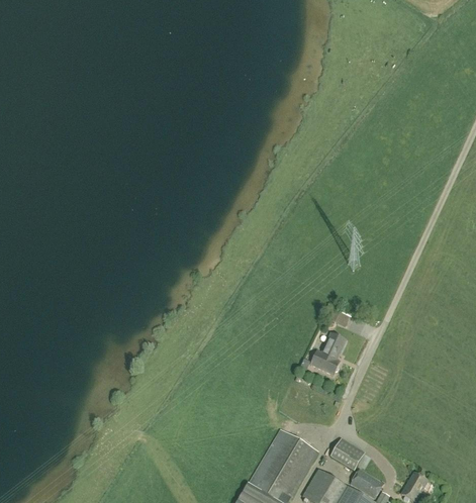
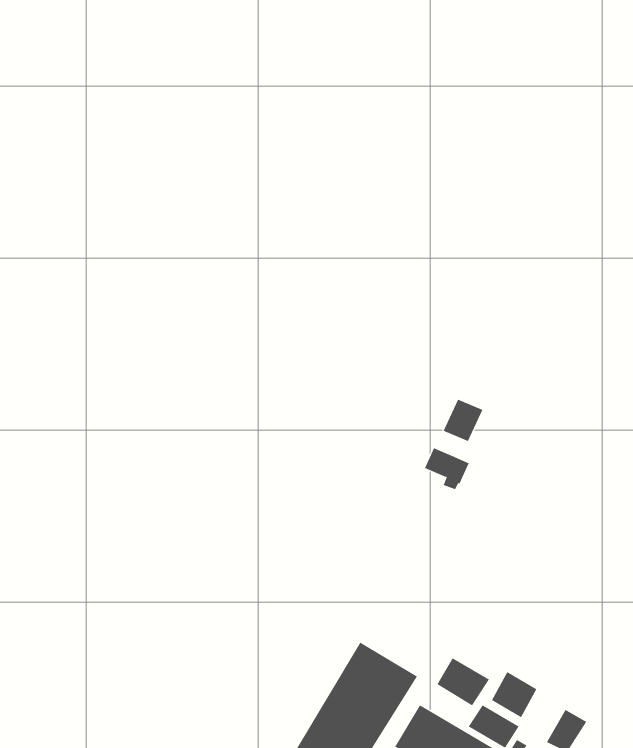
building: none -> [443,399,483,442]
building: [309,336,341,377] -> none
building: none -> [491,671,537,718]

